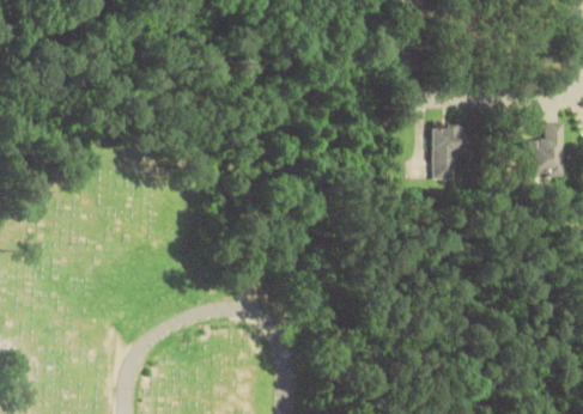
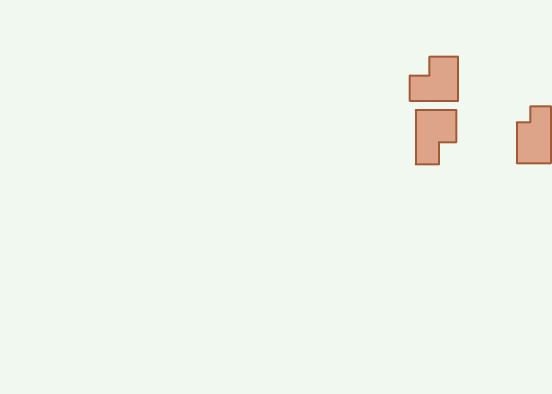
building: none -> [410,57,458,101]

